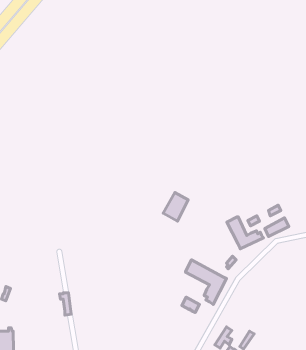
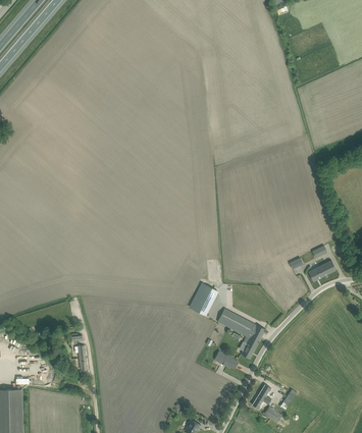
building: [163,193,188,221] -> [190,282,218,315]
building: [227,217,264,249] -> none

